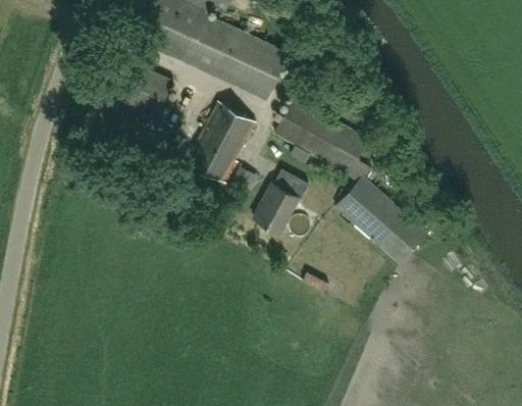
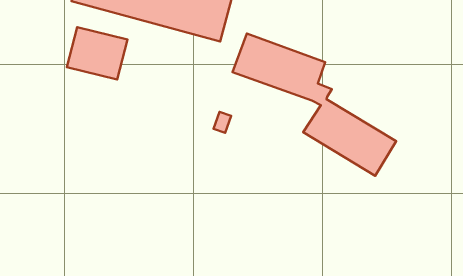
building: [187,103,256,184] -> none
building: [254,169,310,232] -> none

